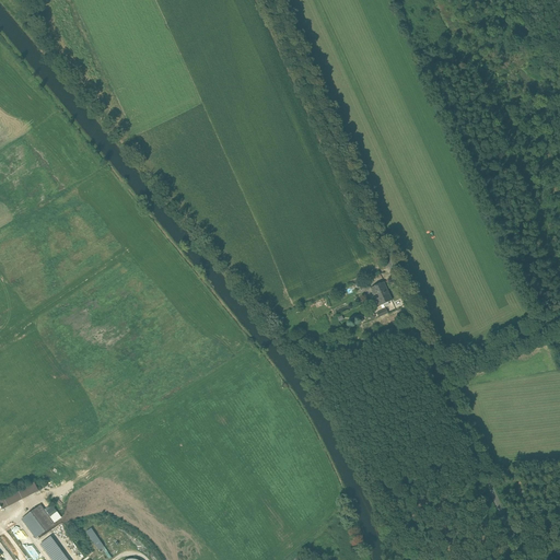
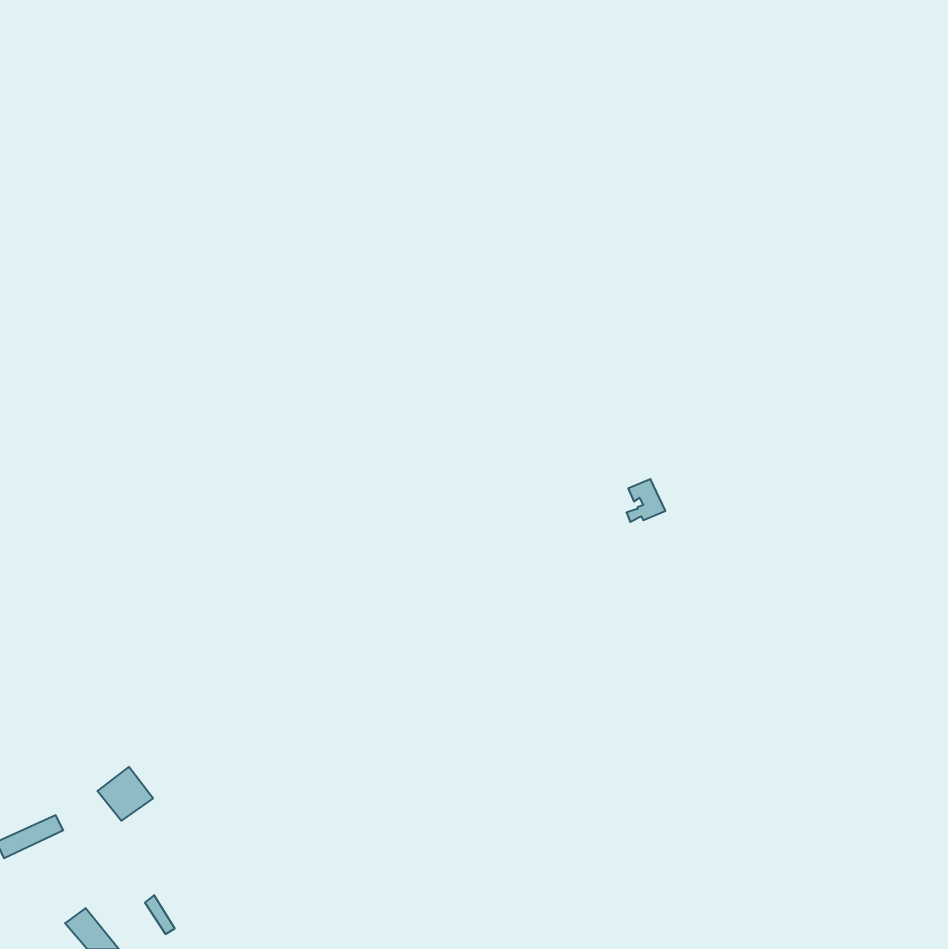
building: [21,505,54,537] -> [97,767,153,821]

